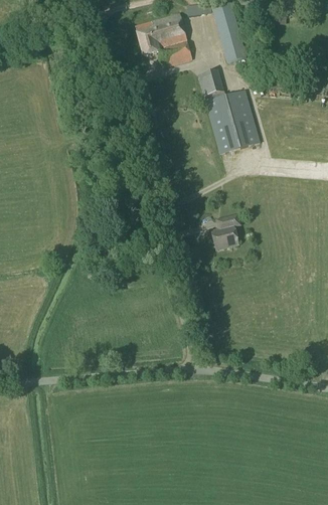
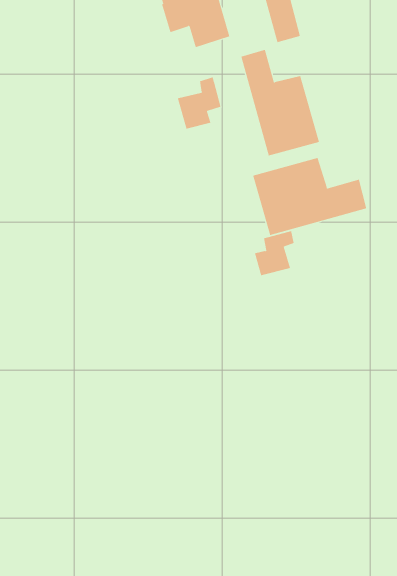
building: none -> [177,76,221,130]
building: none -> [252,157,367,236]

